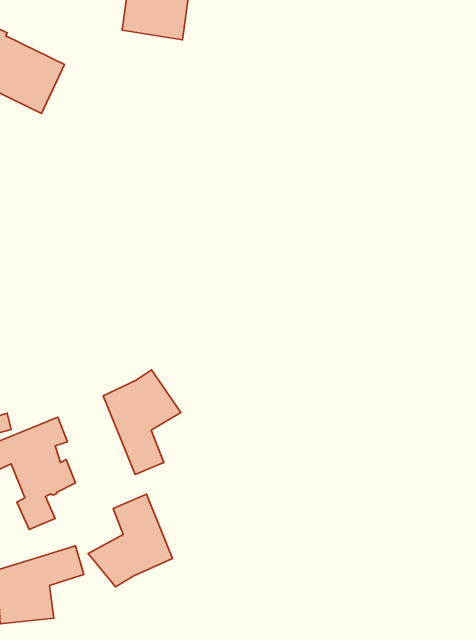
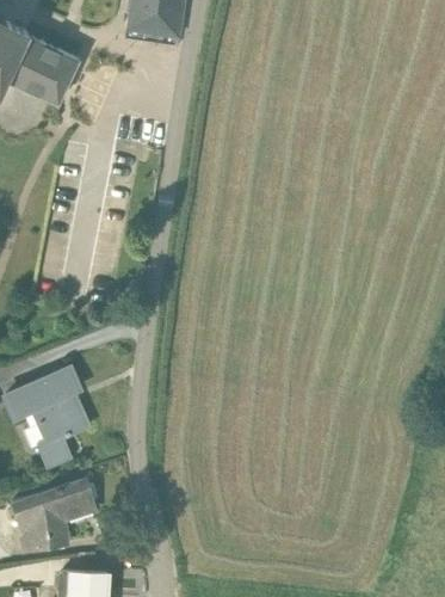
building: [103,370,181,475] -> none
building: [88,494,173,587] -> none

